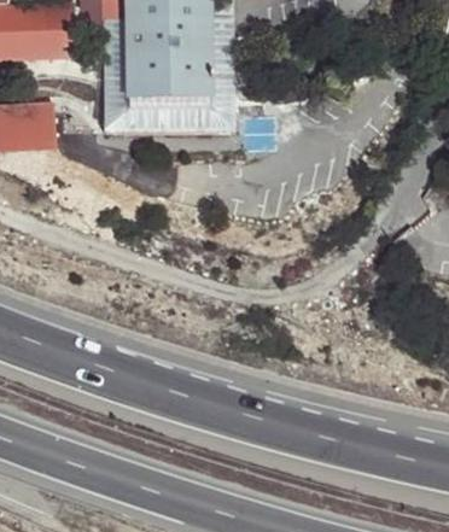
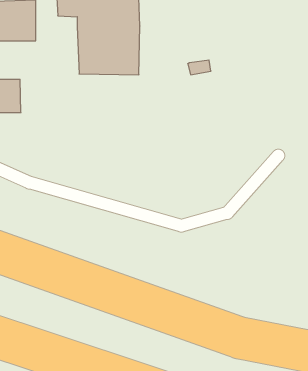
building: [104,36,234,131] -> none

